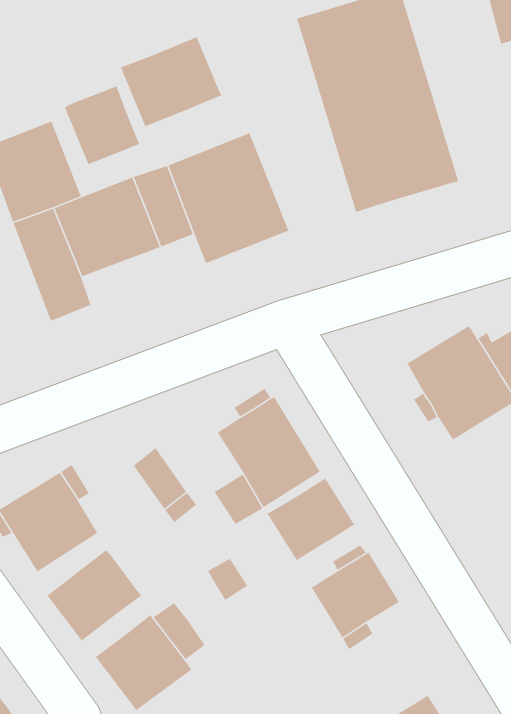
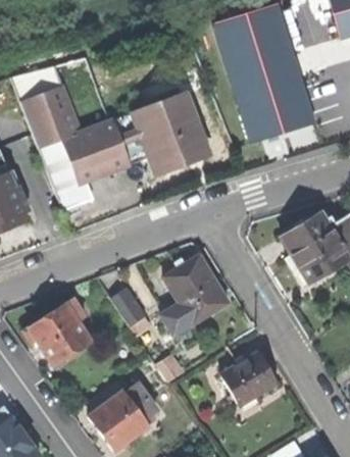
building: [120,36,222,127] -> none
building: [64,85,140,165] -> none
building: [266,477,356,561] -> none
building: [47,549,142,641] -> none

